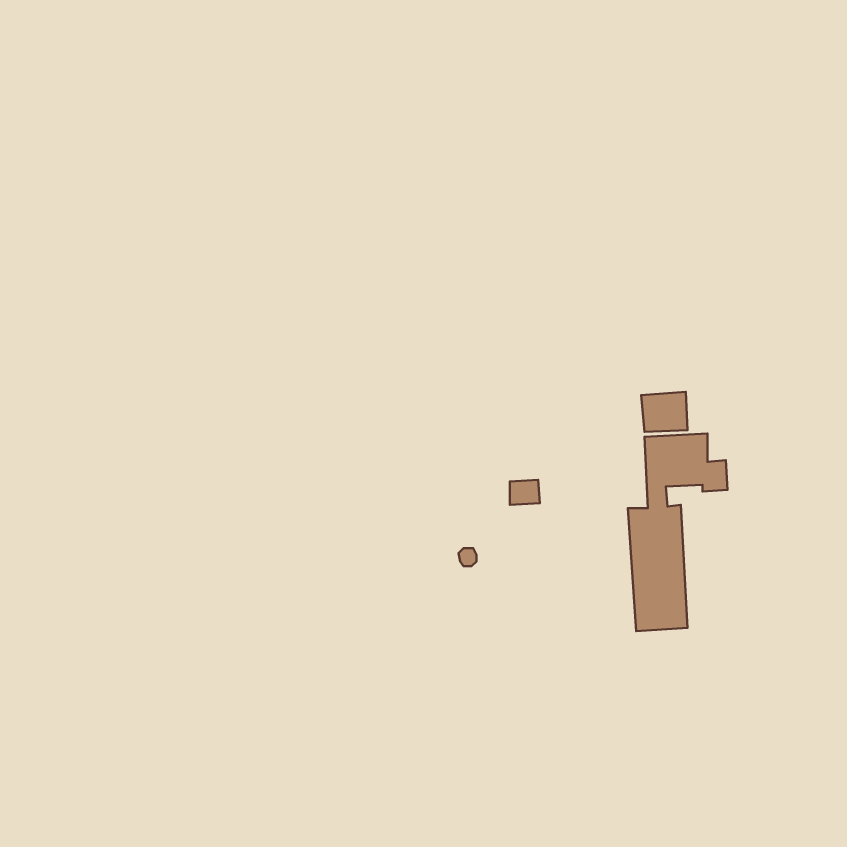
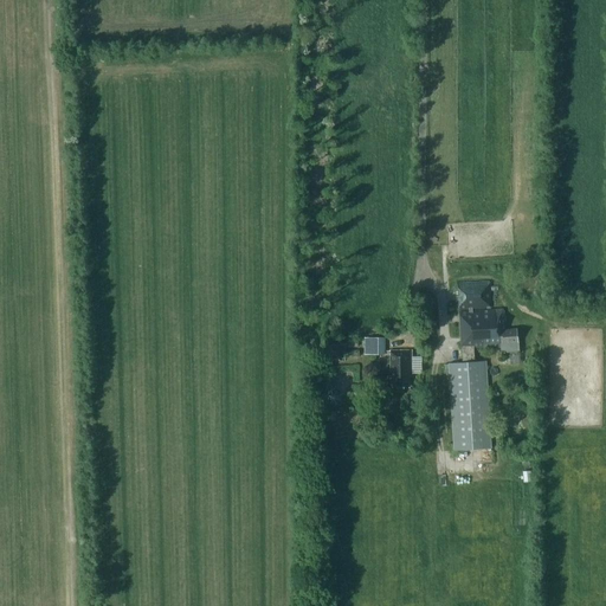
building: none -> [391,350,412,388]

